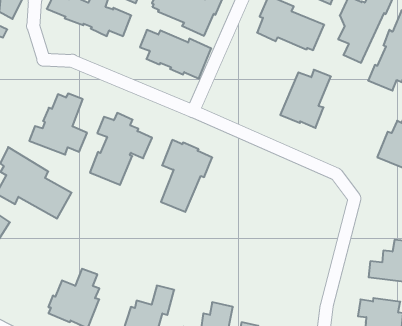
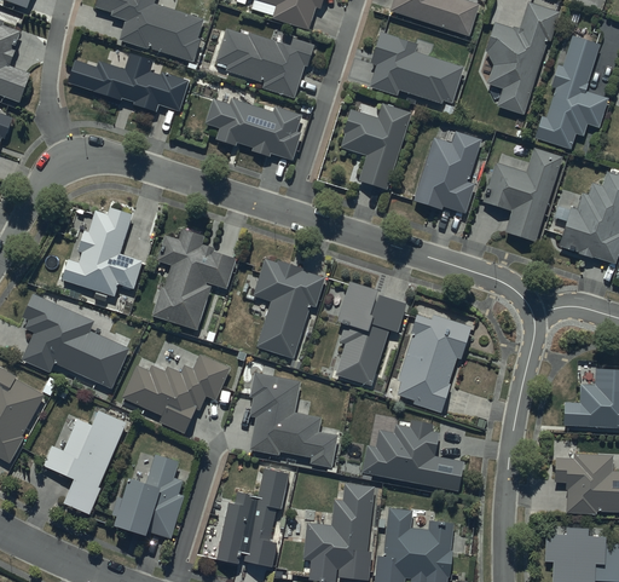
building: none -> [342,106,412,195]
building: none -> [482,152,565,244]
building: none -> [334,277,406,382]
building: none -> [398,310,470,409]
building: none -> [123,351,230,430]
building: none -> [249,370,337,465]
building: none -> [45,414,127,514]
building: none -> [363,417,463,486]

